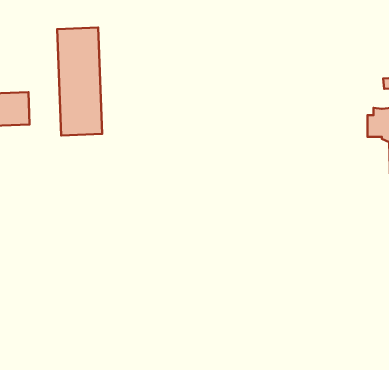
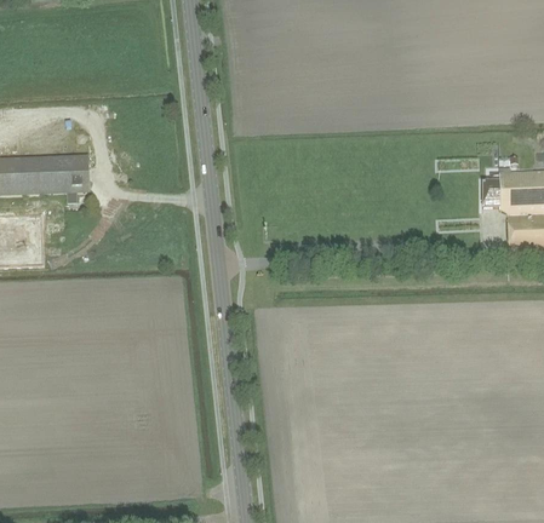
building: [57,27,102,136] -> none

